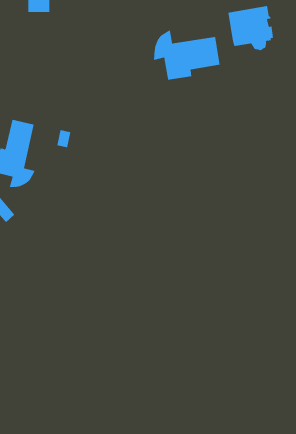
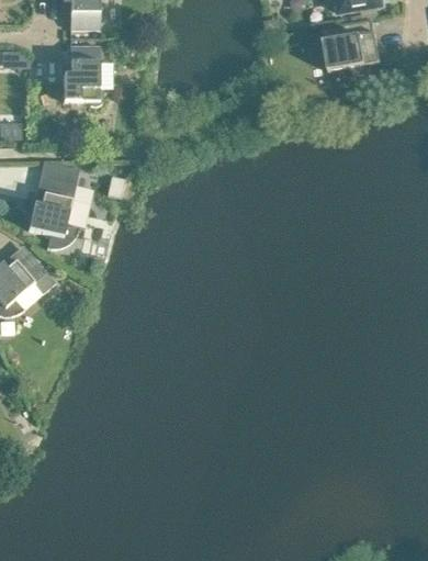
building: none -> [64,44,104,103]
building: [154,30,220,81] -> none

